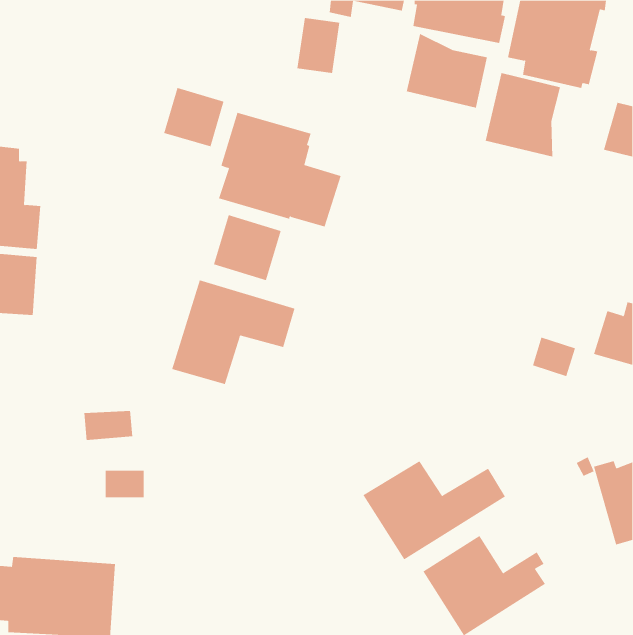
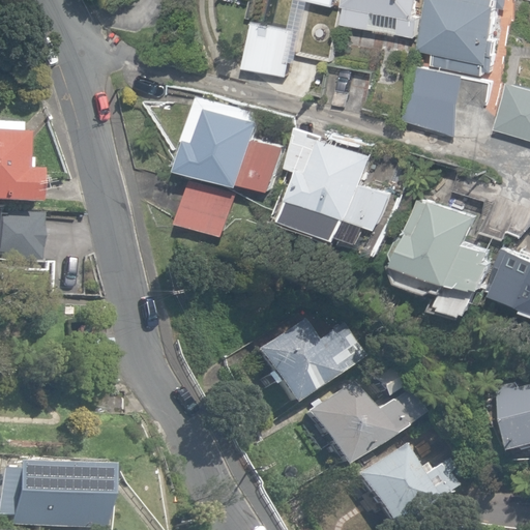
building: [406,33,488,108] -> none
building: [164,87,224,147] -> none
building: none -> [284,125,391,239]
building: none -> [398,202,491,287]
building: [172,279,295,385] -> none
building: none -> [249,321,359,407]

